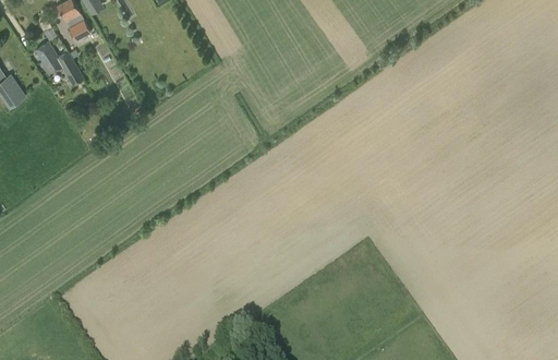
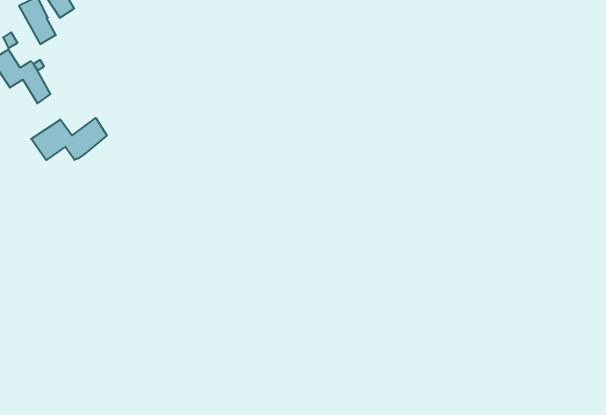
building: none -> [31,118,107,160]

